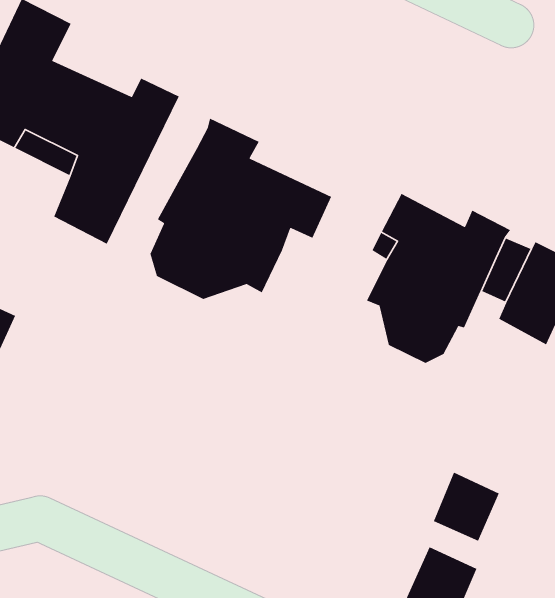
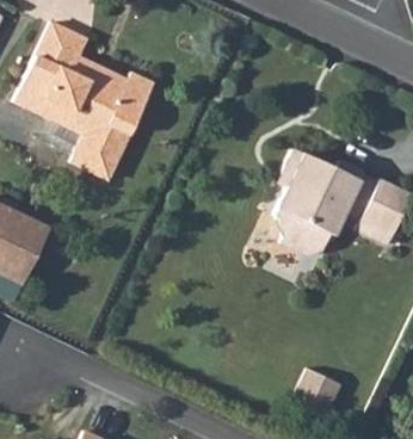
building: [150,118,332,300] -> none
building: [433,471,500,542] -> none

